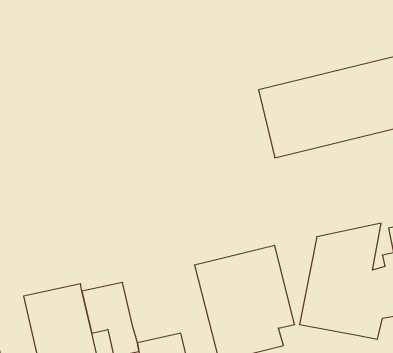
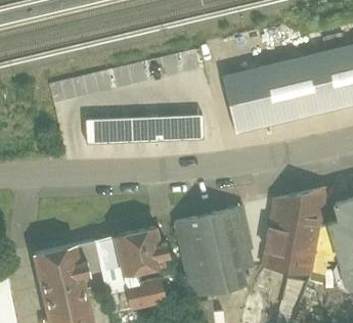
building: none -> [86,114,204,143]
building: none -> [112,222,172,273]

